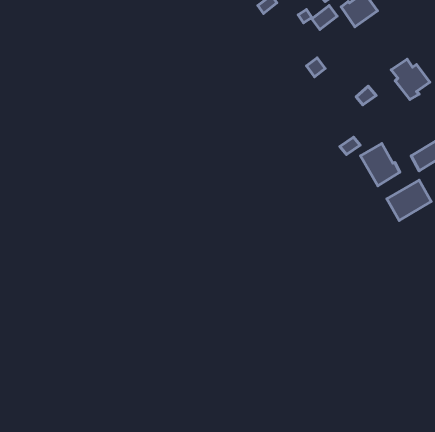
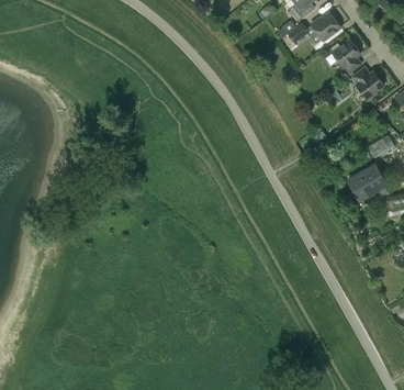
building: none -> [332,40,362,74]
building: [360,144,400,186] -> none

